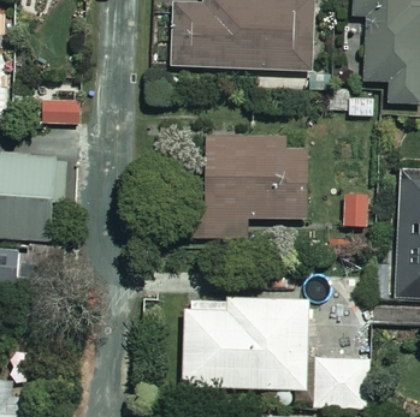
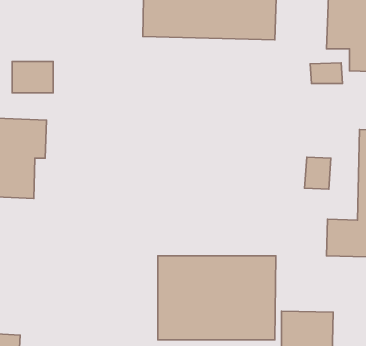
building: [190,141,302,239] -> none

